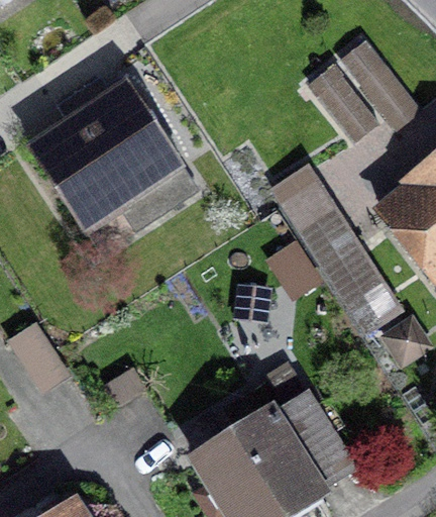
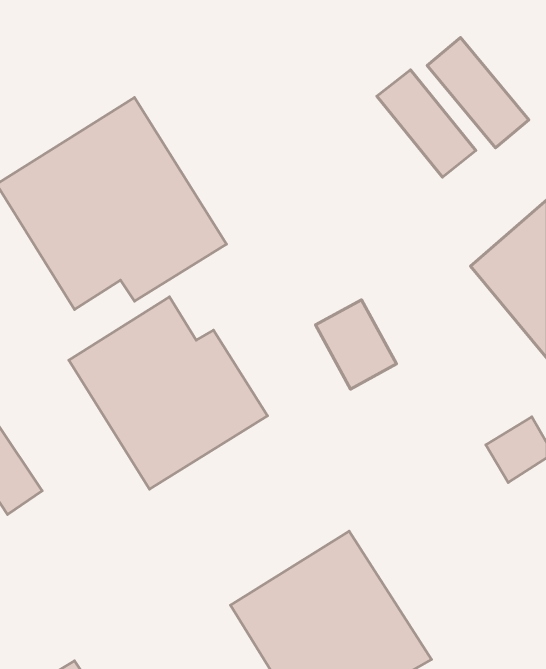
building: [270,163,400,334] -> none
building: none -> [69,297,268,489]

